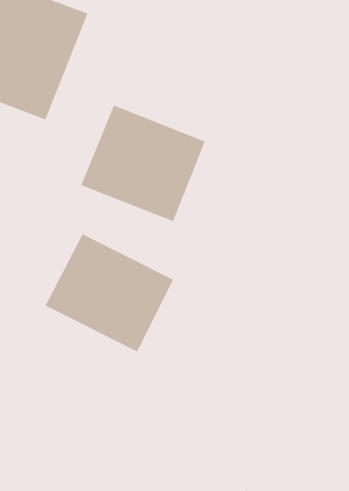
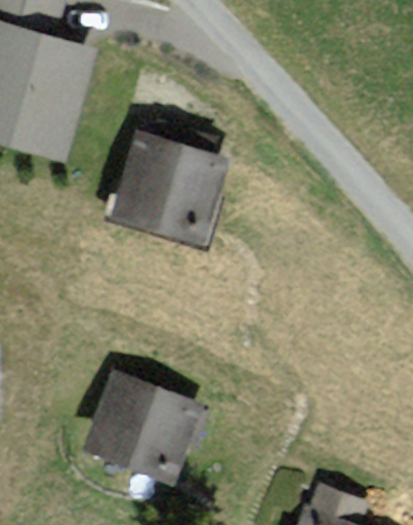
building: [44,233,174,352] -> [80,377,202,486]

